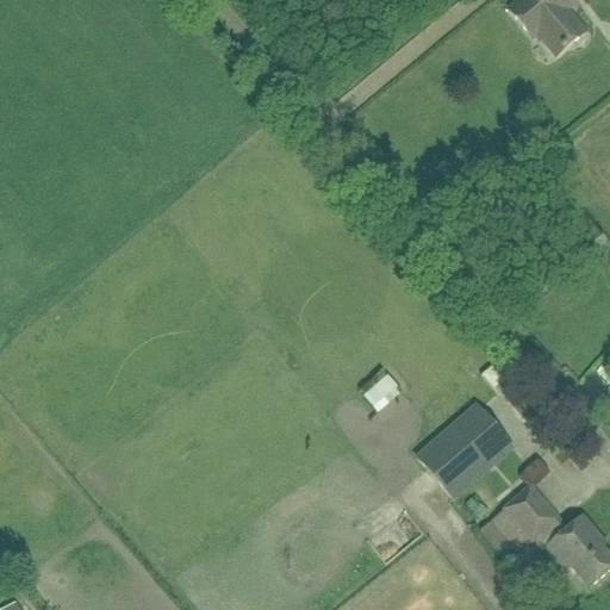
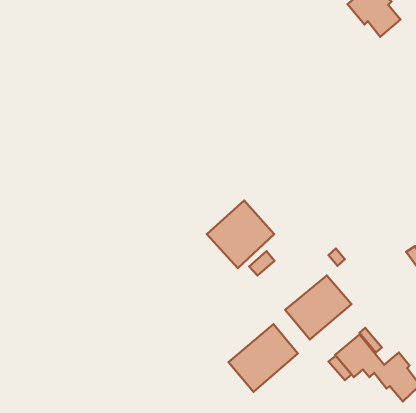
building: none -> [207,200,274,268]
building: none -> [228,324,298,392]

